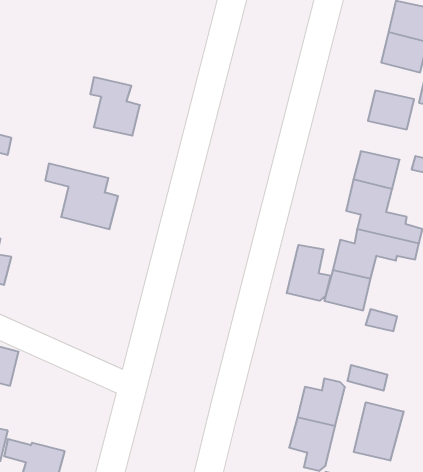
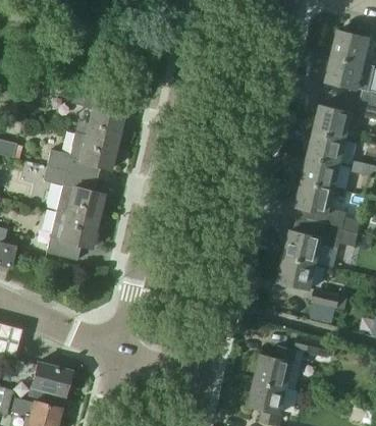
building: none -> [309,130,347,163]
building: none -> [47,132,117,178]
building: none -> [47,211,98,261]
building: [287,245,330,301] -> none
building: none -> [30,362,69,395]
building: [354,402,404,461] -> none

